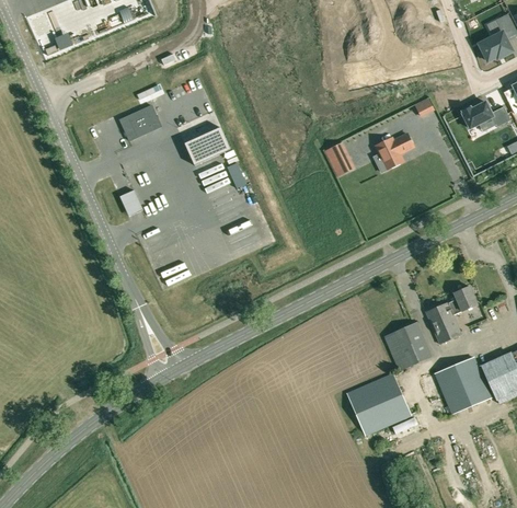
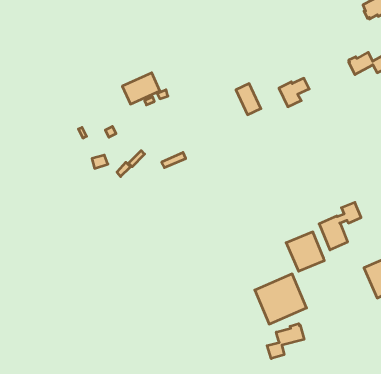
building: [119,105,161,140] -> none
building: [435,357,491,414] -> none
building: none -> [267,324,304,359]

